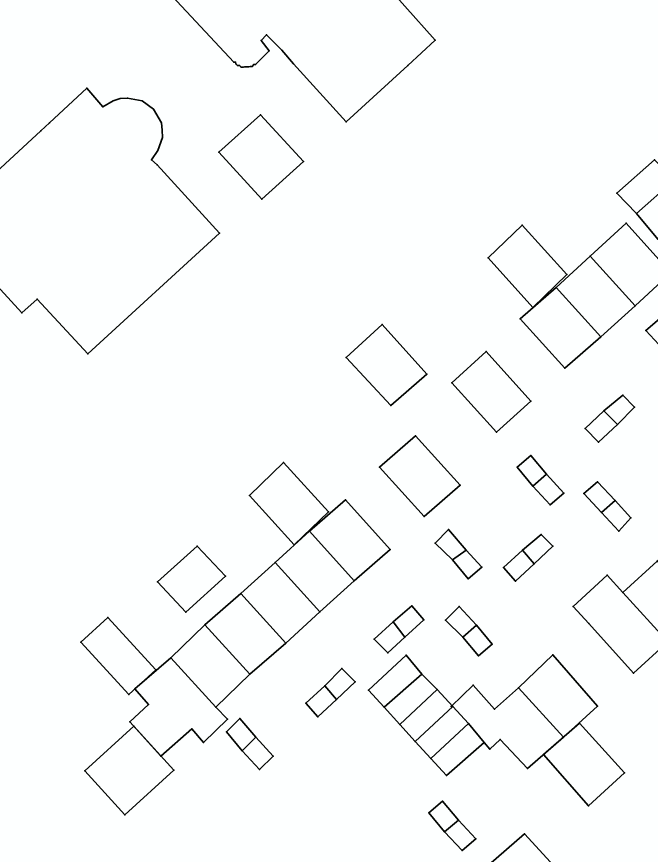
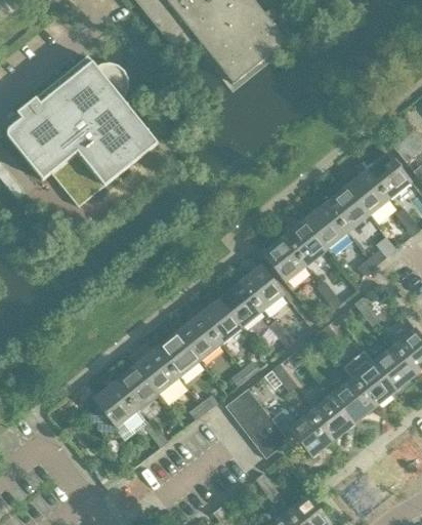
building: [219,115,303,199] -> none
building: [488,225,567,308] -> [304,201,348,248]
building: [346,325,427,405] -> [262,235,307,281]
building: [249,462,328,545] -> [219,280,263,327]
building: [158,546,225,612] -> none
building: [81,618,156,694] -> none
building: [544,723,624,806] -> [331,376,376,423]
building: [85,726,174,815] -> none

